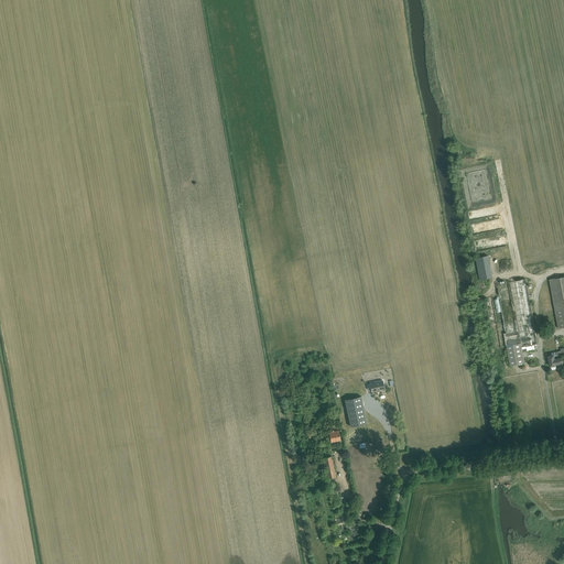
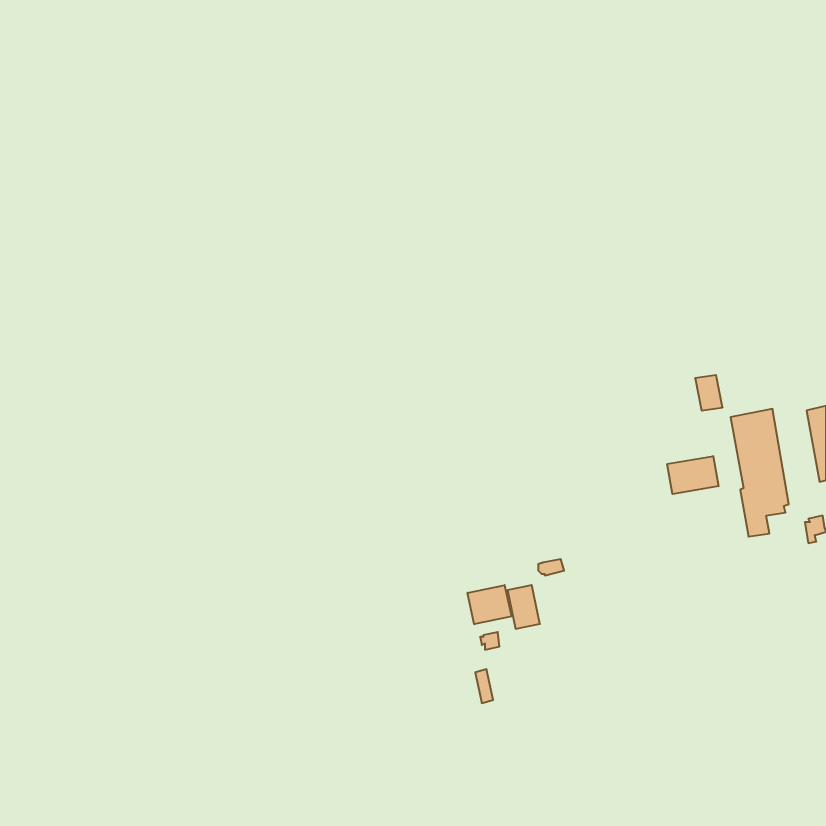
building: none -> [667,456,718,494]
building: none -> [468,585,511,624]

